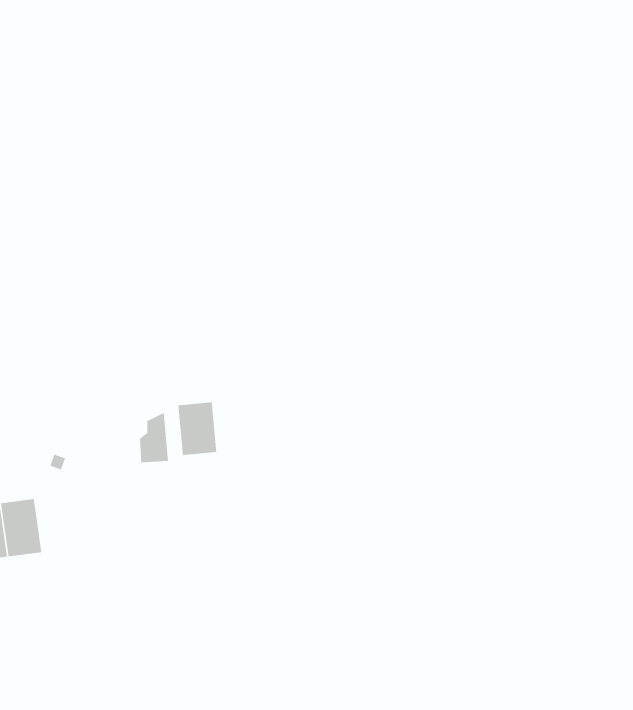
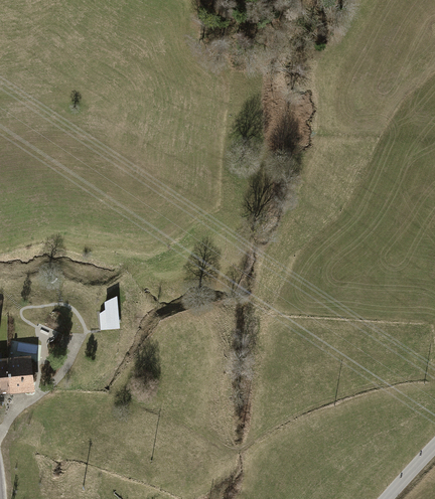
building: [178,401,217,456] -> none

